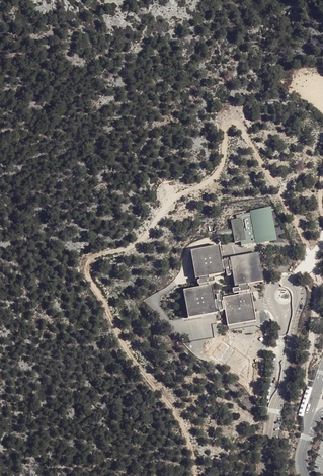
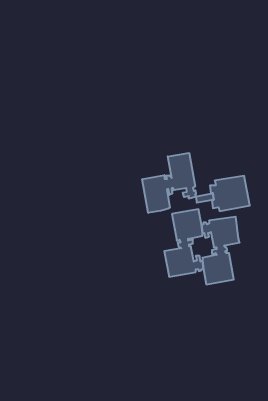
building: none -> [142,153,196,213]

